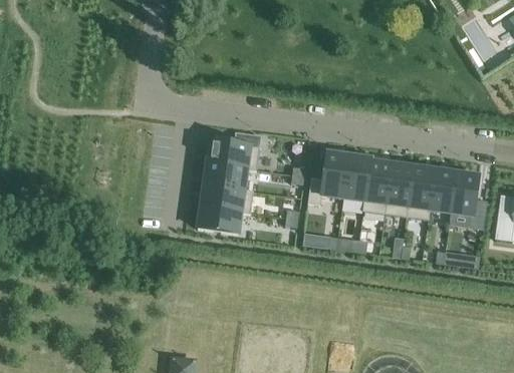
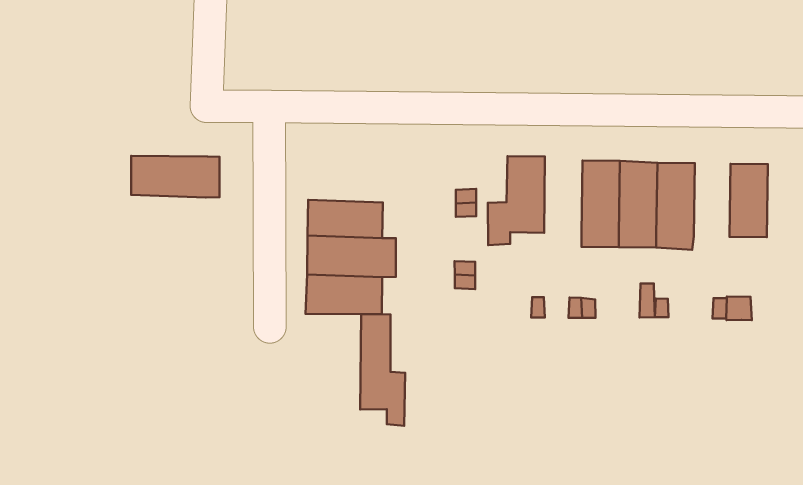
building: [205,138,260,169] -> [131,156,220,197]
building: [342,153,371,202] -> none
building: [431,168,458,215] -> none
building: none -> [360,314,405,426]

